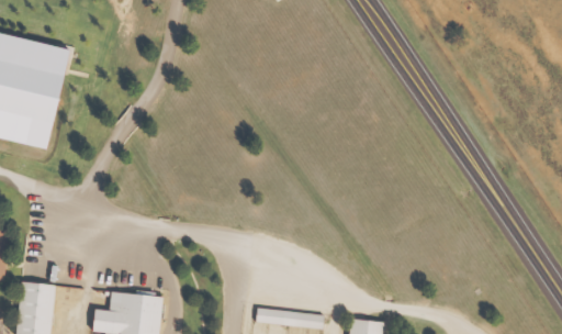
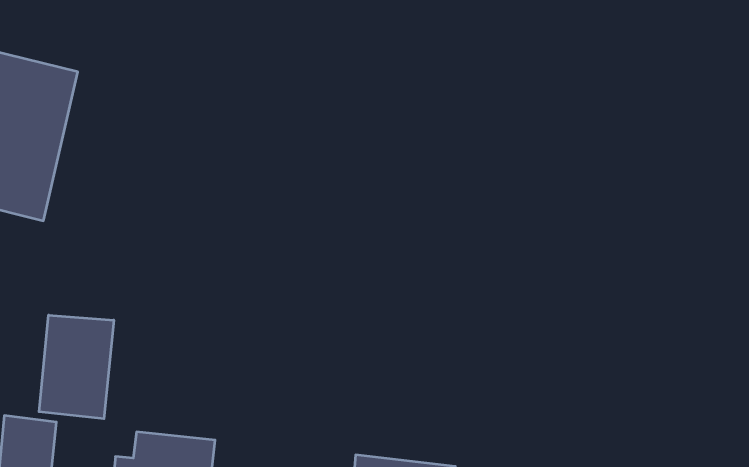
building: none -> [39,315,114,419]

